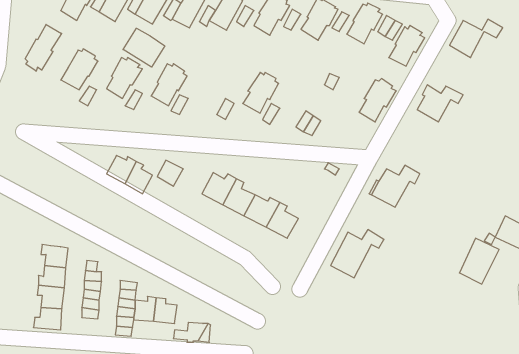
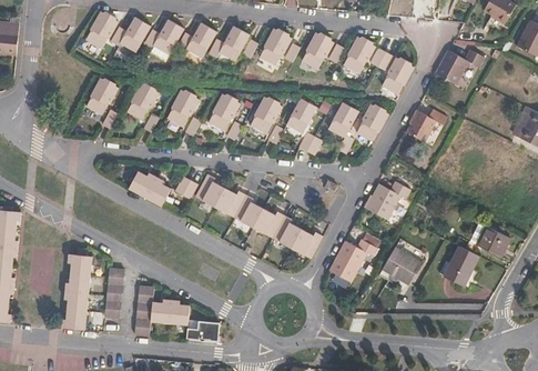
building: [25,24,62,71] -> none
building: [123,28,165,67] -> none
building: none -> [206,94,238,131]
building: none -> [285,98,316,133]
building: none -> [326,101,356,152]
building: none -> [193,173,222,207]
building: none -> [288,229,319,258]
building: none -> [382,248,422,287]

